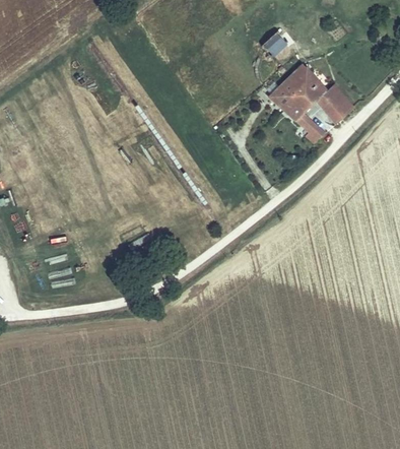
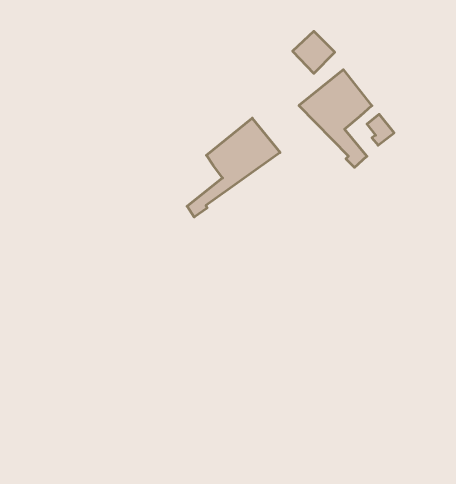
building: [317,85,353,115] -> none
building: none -> [187,118,280,217]

